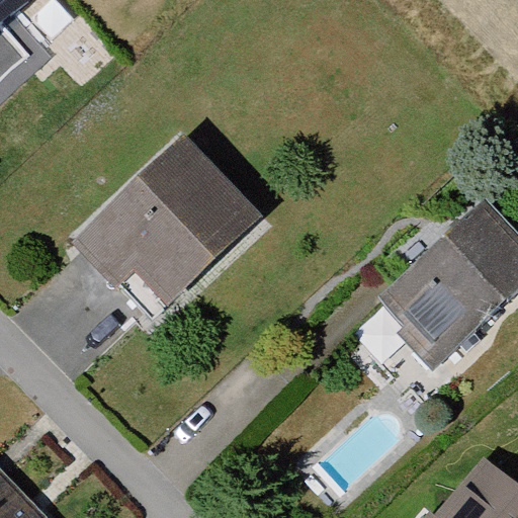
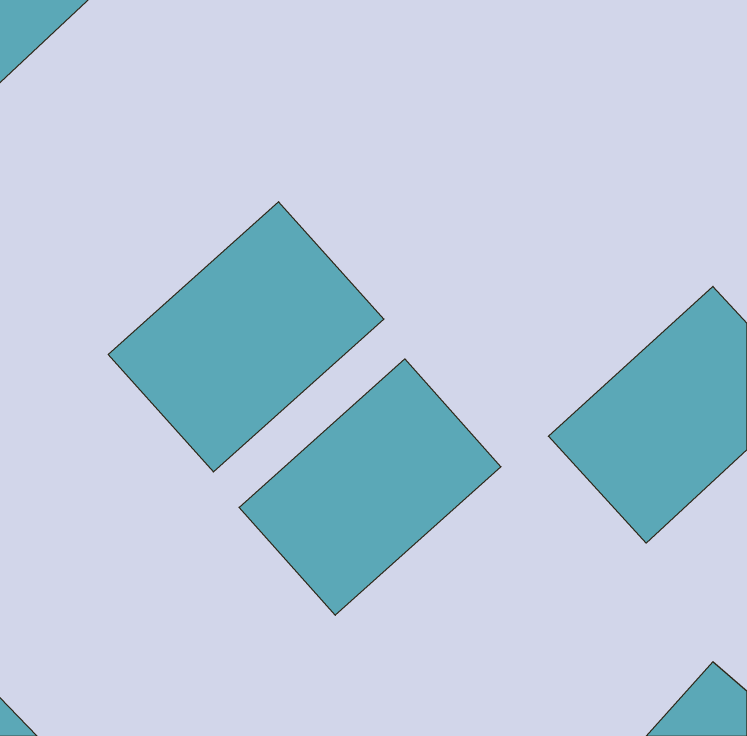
building: none -> [239,359,501,615]

